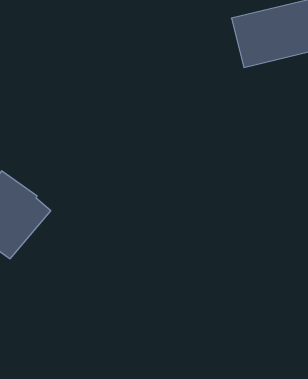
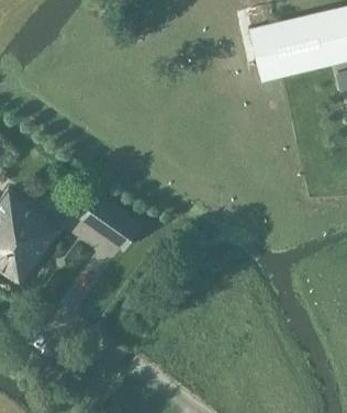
building: none -> [79,196,139,252]

